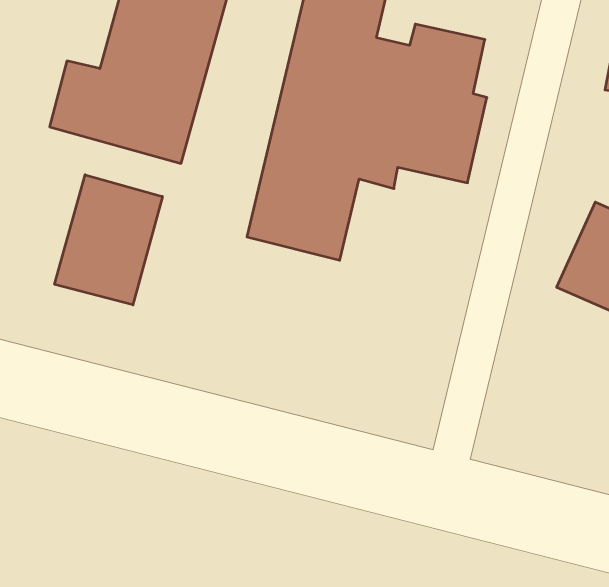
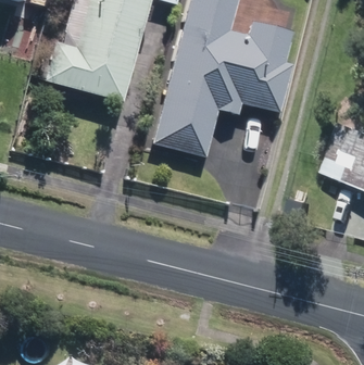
building: [55,175,162,305] -> none

